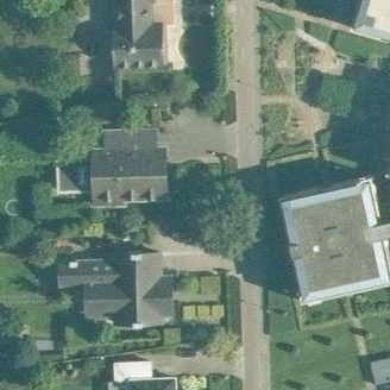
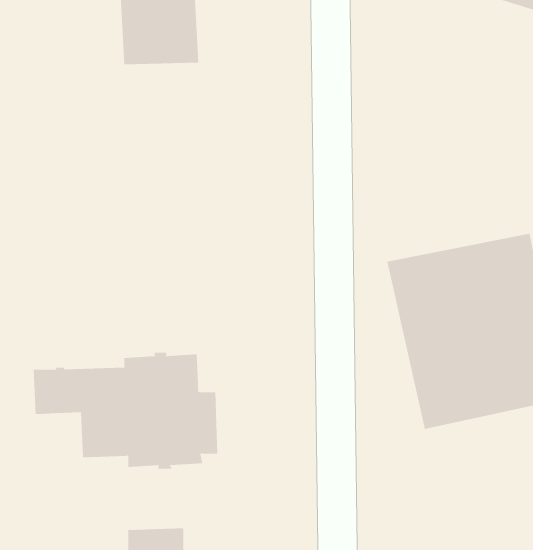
building: [73,130,168,205] -> none

